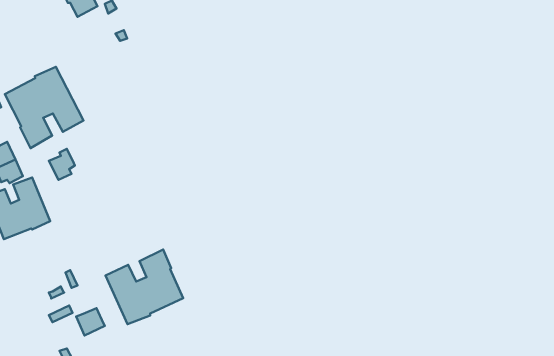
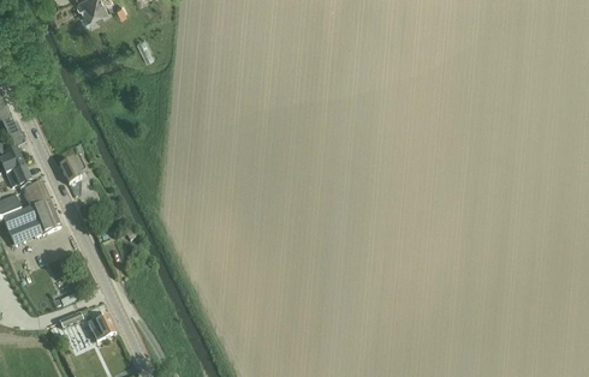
building: [5,67,83,148] -> none
building: [106,249,183,324] -> none

